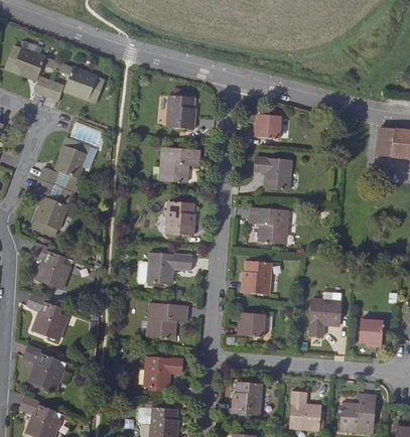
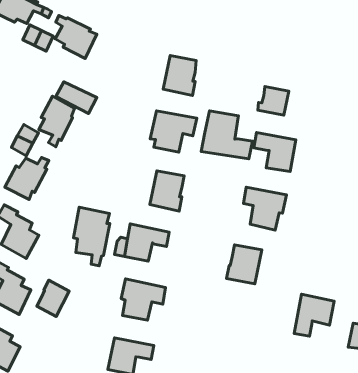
building: none -> [201,111,252,159]
building: none -> [74,207,110,266]
building: none -> [37,280,69,316]
building: [238,311,264,335] -> none

